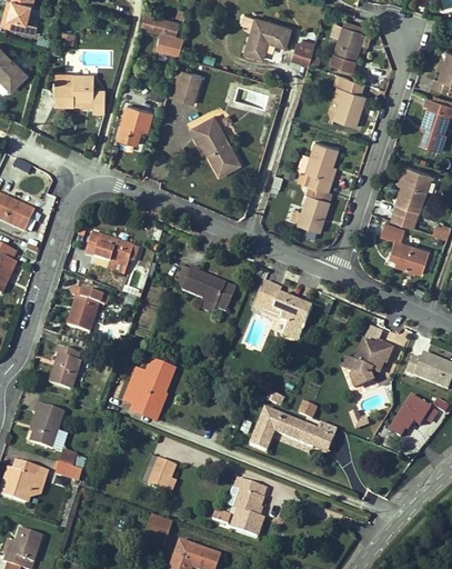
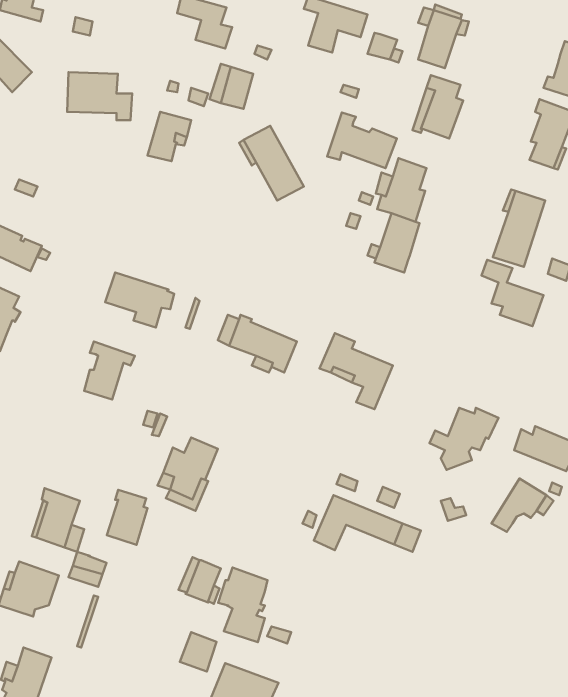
building: none -> [327,113,397,168]
building: [49,347,81,390] -> [107,490,148,545]
building: [227,478,265,537] -> [218,568,268,642]

